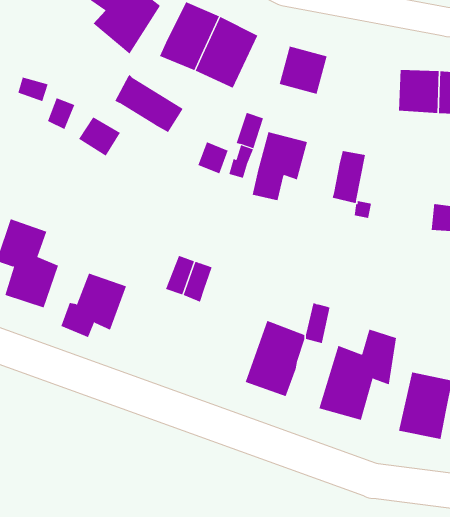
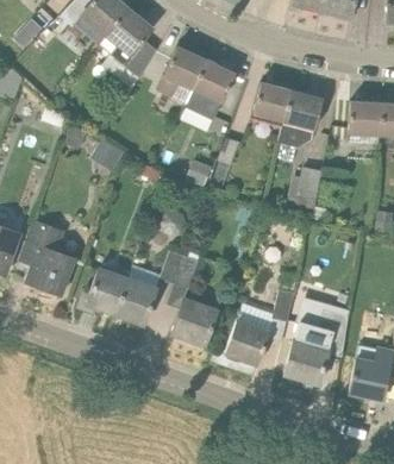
building: [114,74,183,133] -> none
building: [252,131,308,201] -> [279,90,324,146]
building: none -> [117,276,157,324]
building: none -> [171,299,218,346]

